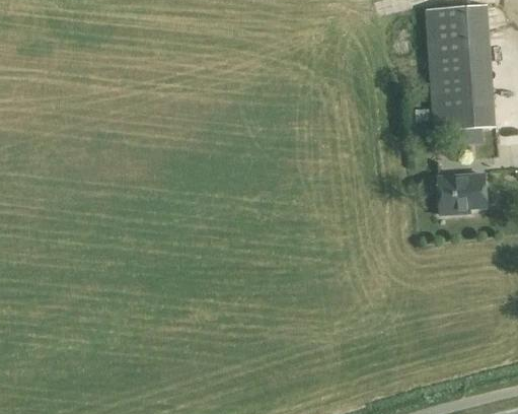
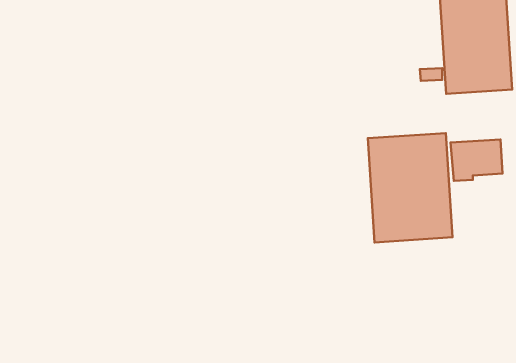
building: none -> [368,133,452,242]

